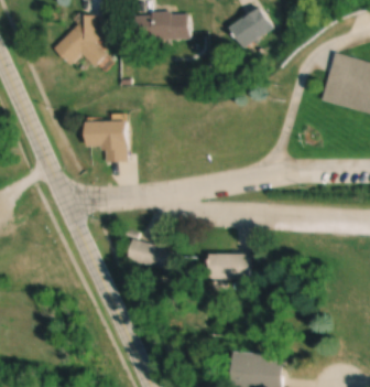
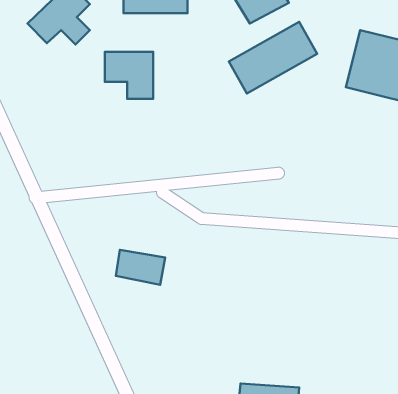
building: none -> [229,22,317,94]
building: [85,120,126,160] -> [105,52,153,99]
building: [208,252,248,279] -> none

